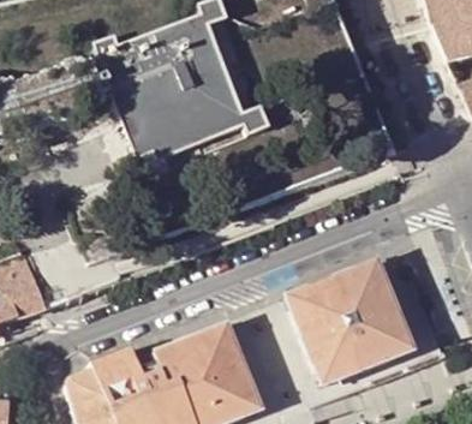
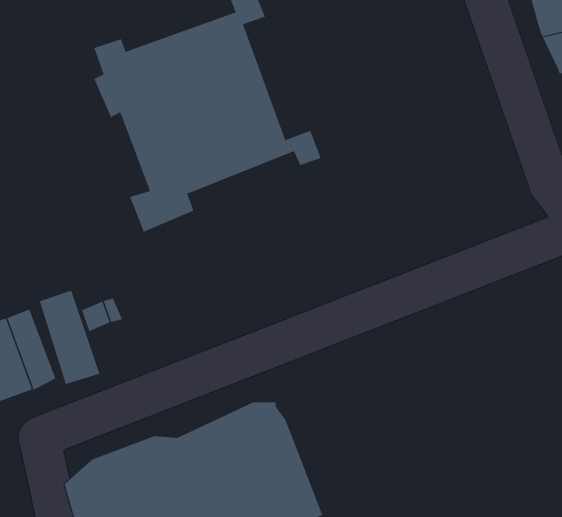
building: none -> [39,290,100,385]
building: [288,253,419,383] -> none

